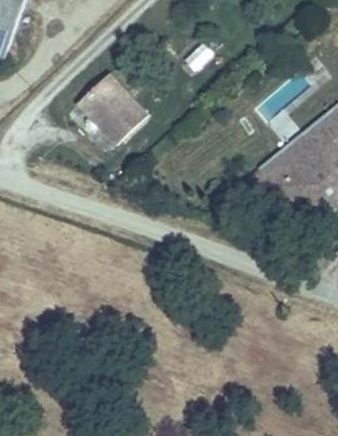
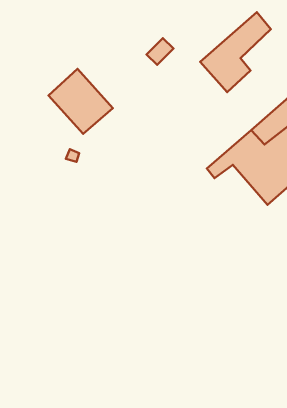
building: none -> [200,12,271,92]

